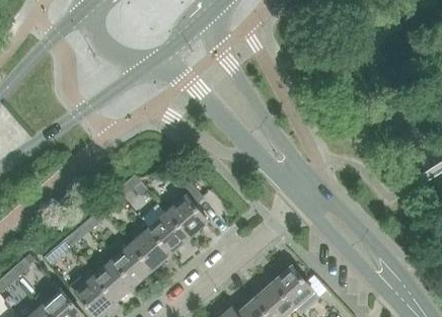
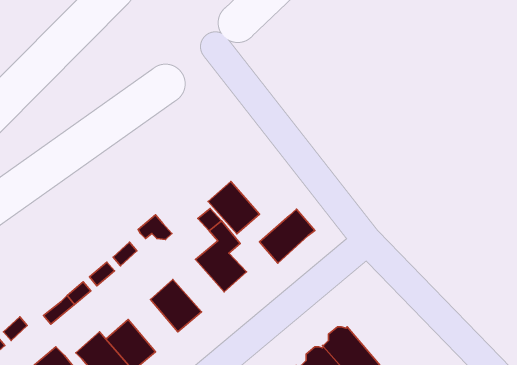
building: none -> [260,209,315,263]
building: [149,212,191,254] -> [208,182,259,234]
building: [113,239,153,287] -> none

